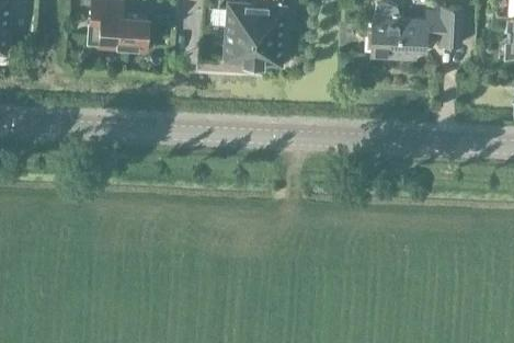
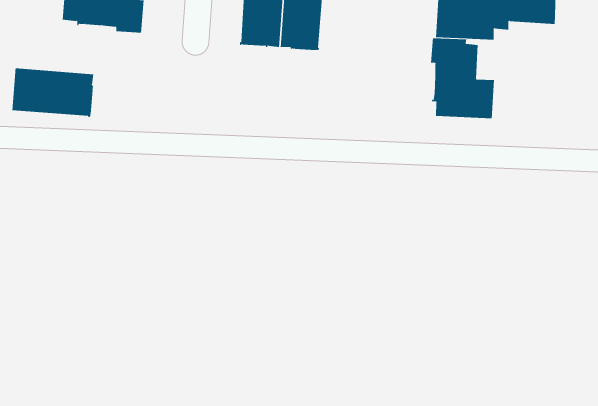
building: none -> [431,38,495,119]
building: none -> [12,68,94,118]

